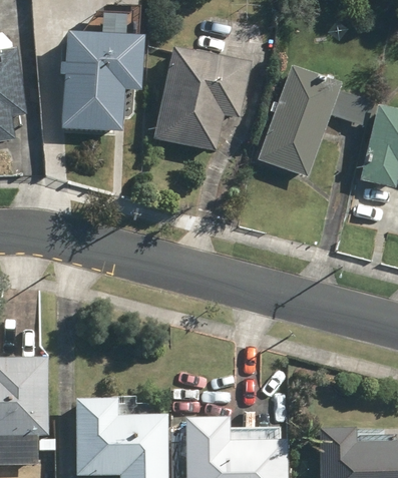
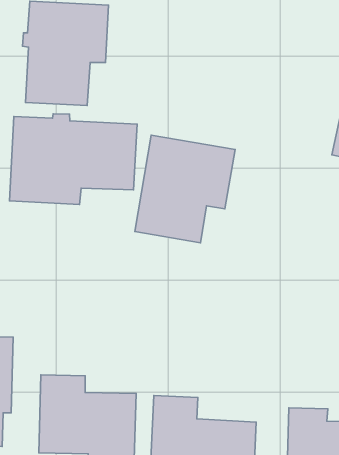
building: [153,45,252,150] -> [135,135,235,243]
building: [258,66,342,177] -> none
building: none -> [10,114,137,204]

